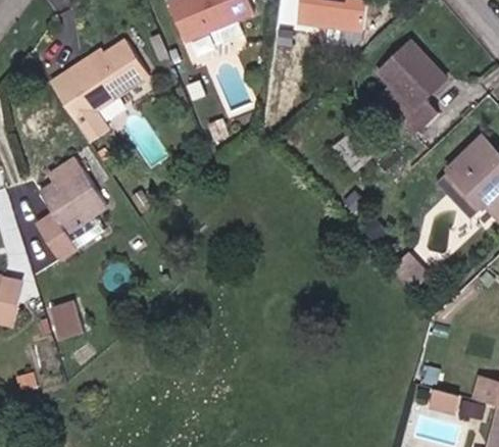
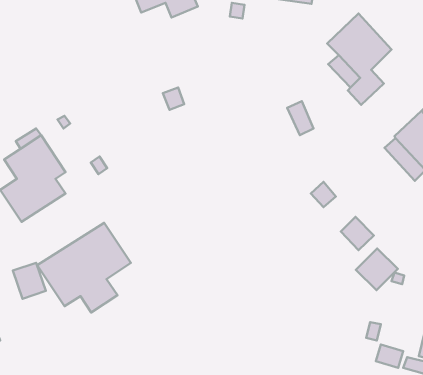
building: [51,39,149,141] -> none
building: none -> [37,223,131,312]
building: none -> [356,248,398,290]

